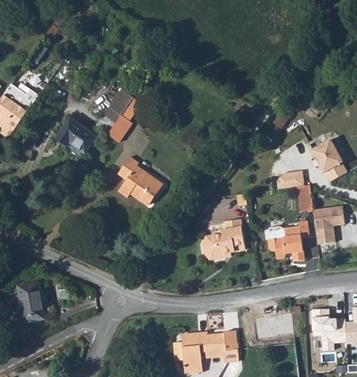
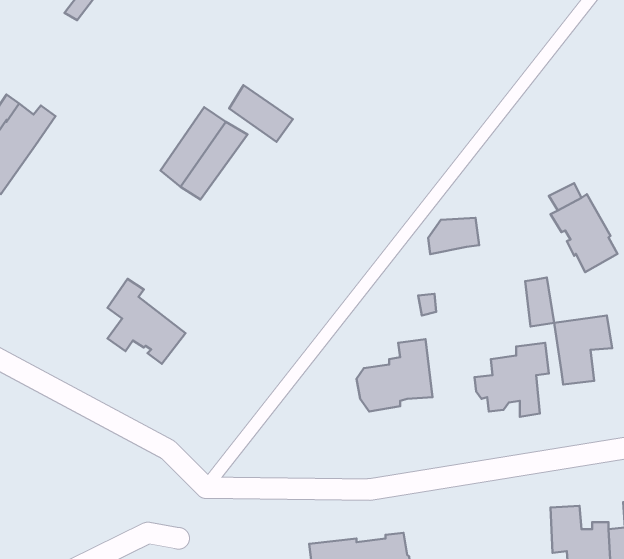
building: none -> [229,85,293,142]
building: [56,118,96,154] -> none
building: [118,158,161,205] -> [108,279,186,364]
building: [276,171,304,191] -> [428,218,479,254]
building: [23,280,48,321] -> none

